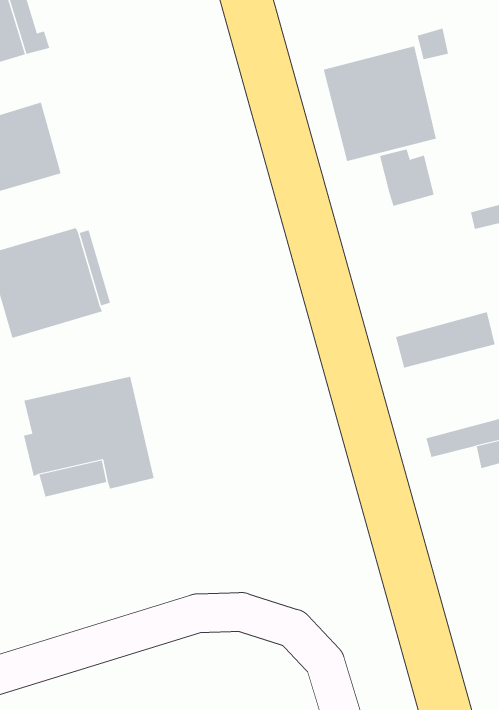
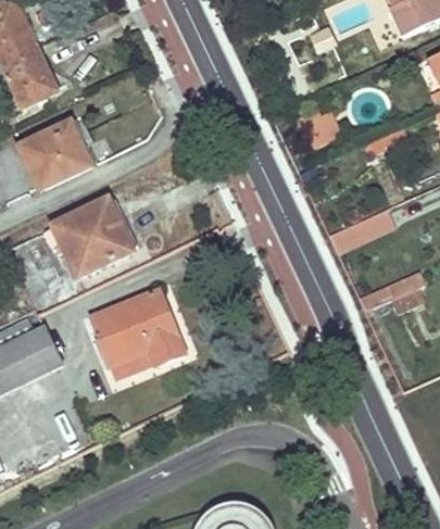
building: [323,45,437,162] -> none

